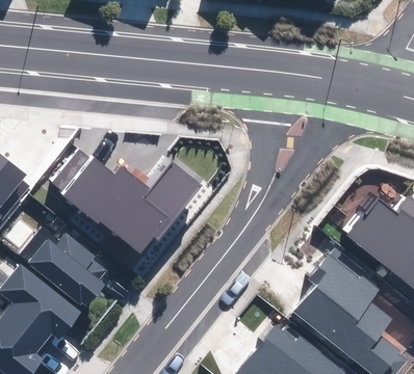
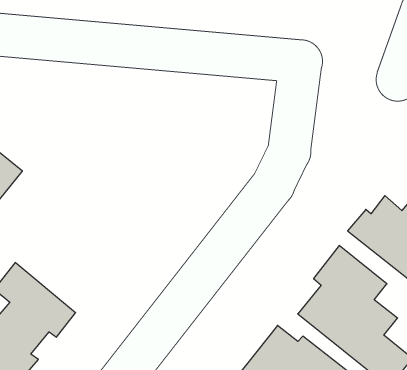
building: [52,148,201,256] -> none
building: [28,234,106,309] -> none

